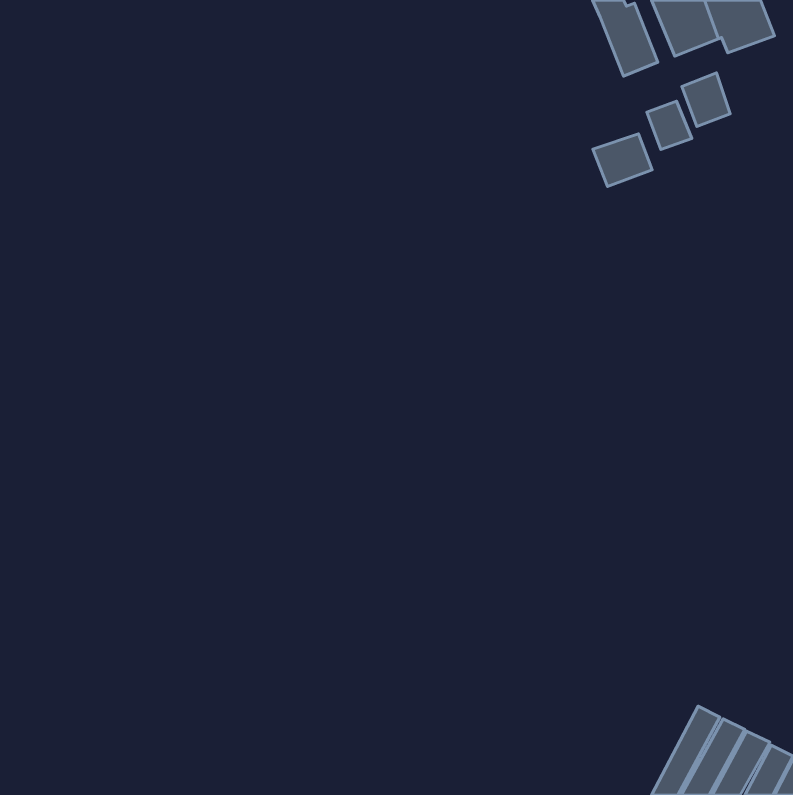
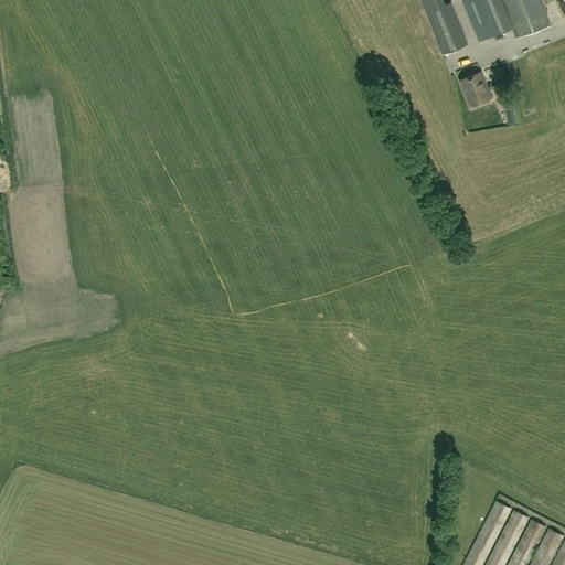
building: [682,73,730,127] -> none
building: [593,134,652,186] -> none

